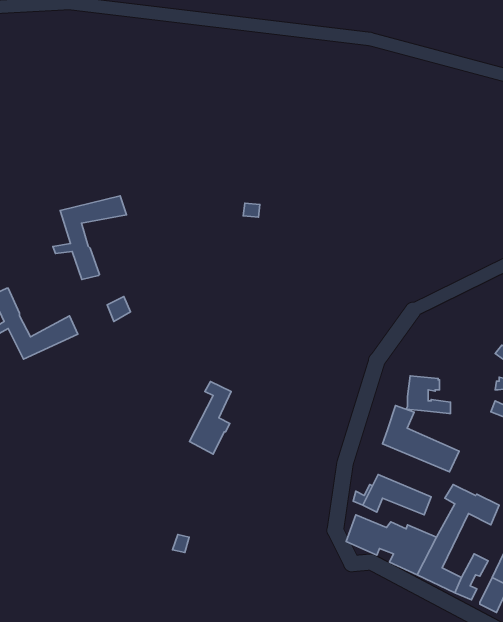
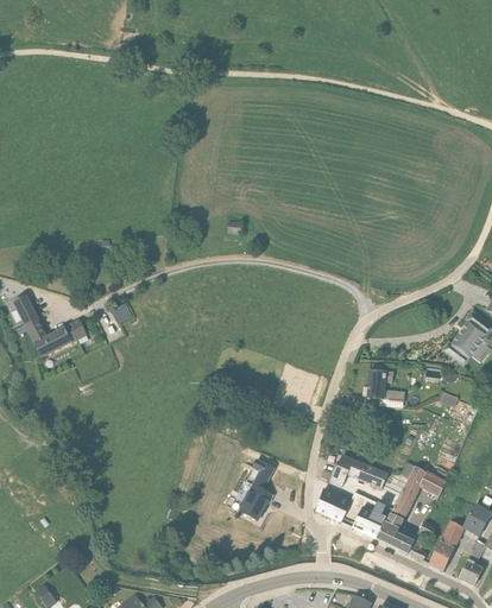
building: [53,196,127,280] -> none
building: [190,382,231,454] -> [238,458,273,520]
building: [383,406,459,472] -> none

